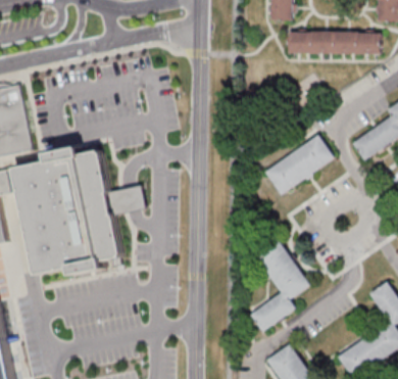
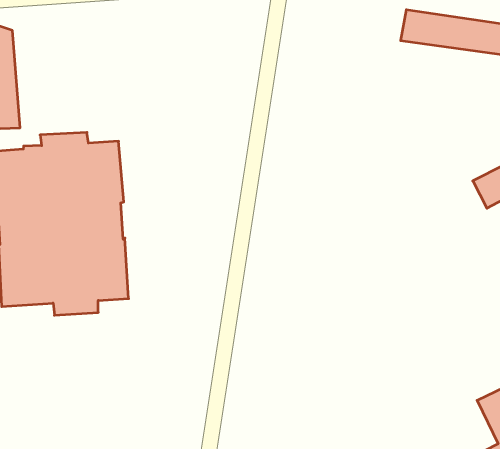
building: [263,135,332,195] -> none
building: [111,184,149,216] -> none
building: [248,232,308,333] -> none

